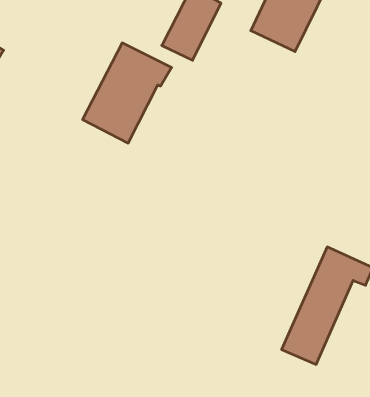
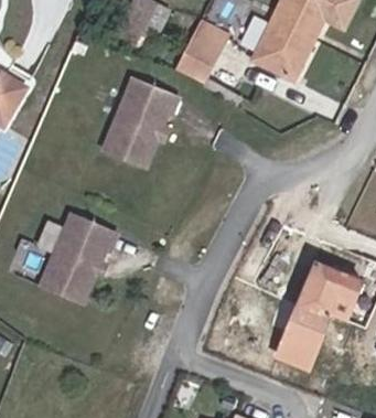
building: none -> [39,215,116,304]

